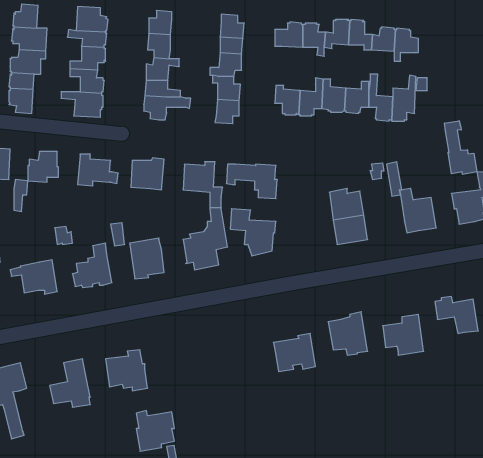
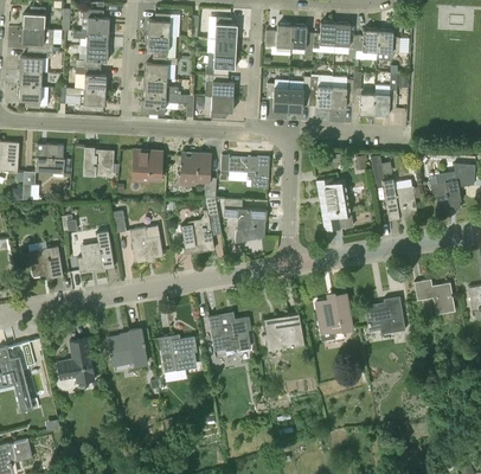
building: [445,121,477,174] -> none
building: none -> [209,315,251,351]
building: [136,411,174,451] -> [160,335,195,373]

